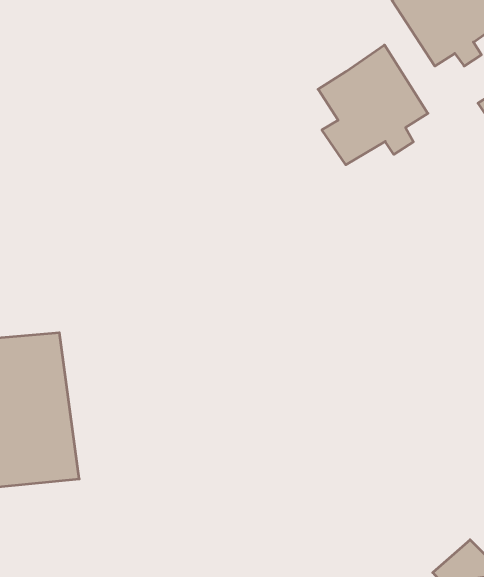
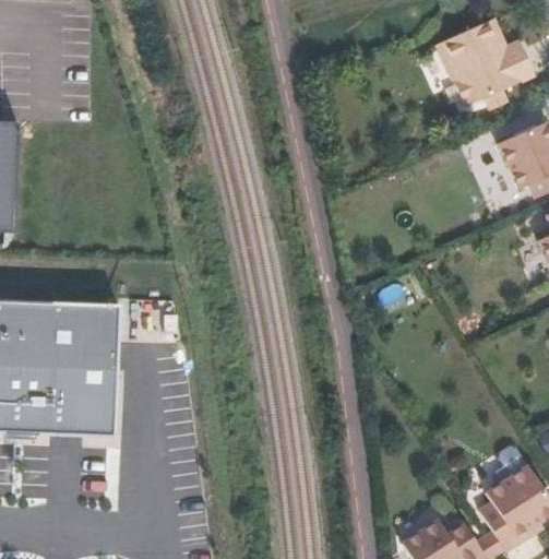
building: [318,45,428,165] -> none

